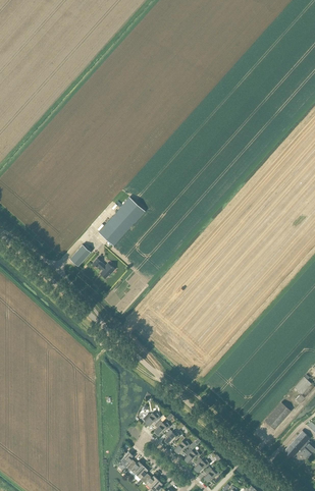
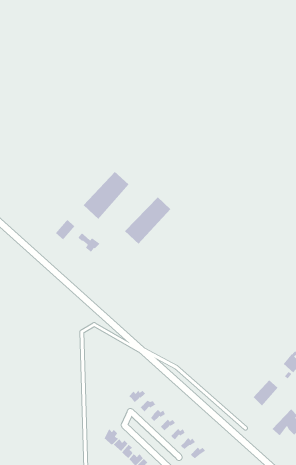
building: none -> [124,197,171,244]

